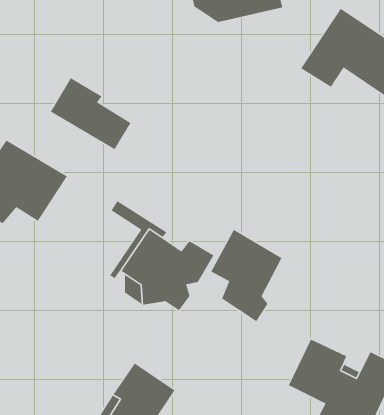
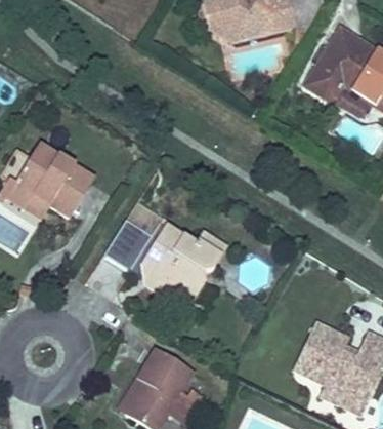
building: [50,77,132,150] -> none
building: none -> [108,209,161,268]
building: [210,229,282,322] -> none

